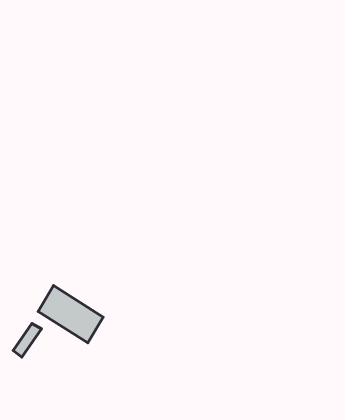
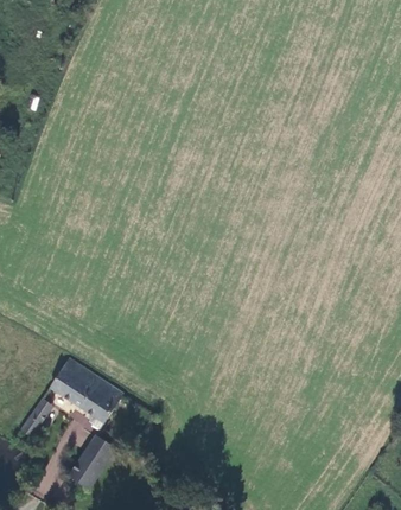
building: none -> [69,434,114,486]

